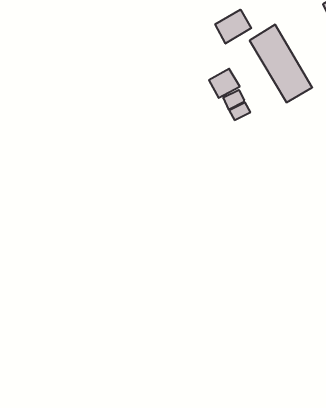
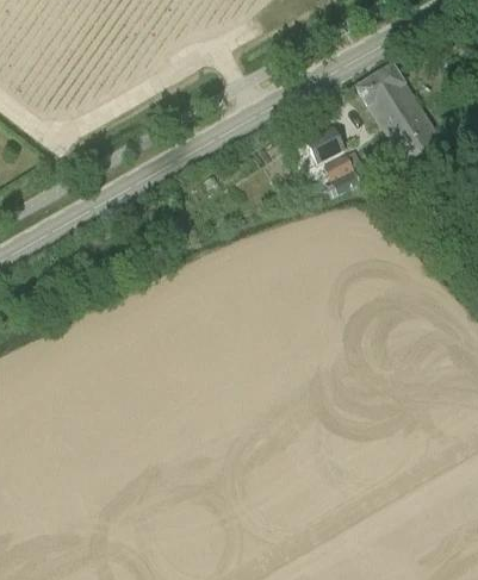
building: [215,10,251,44] -> none

